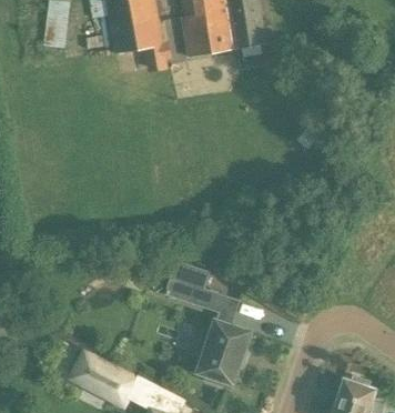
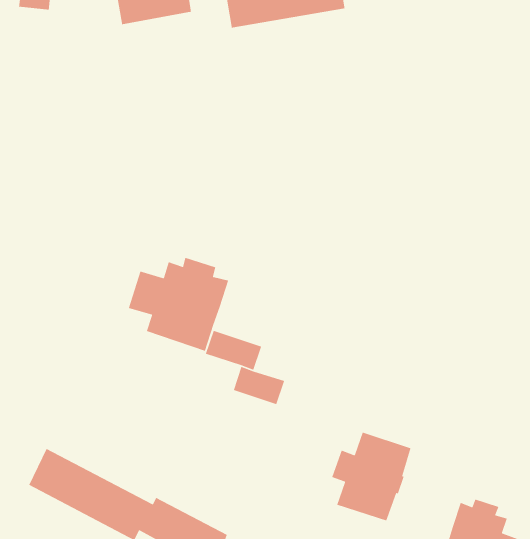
building: none -> [128,257,229,352]
building: [194,322,249,383] -> [331,432,411,522]

